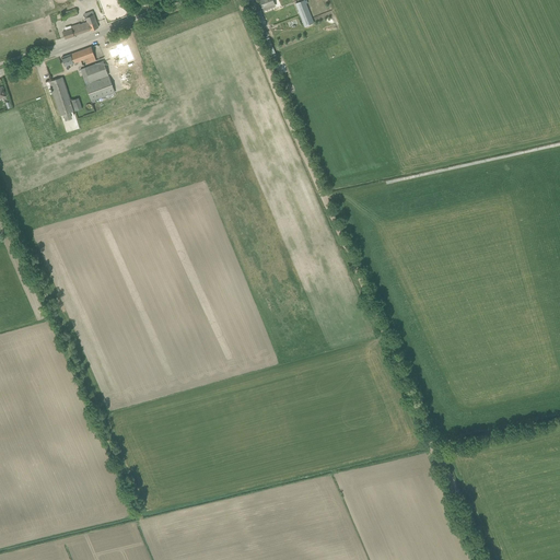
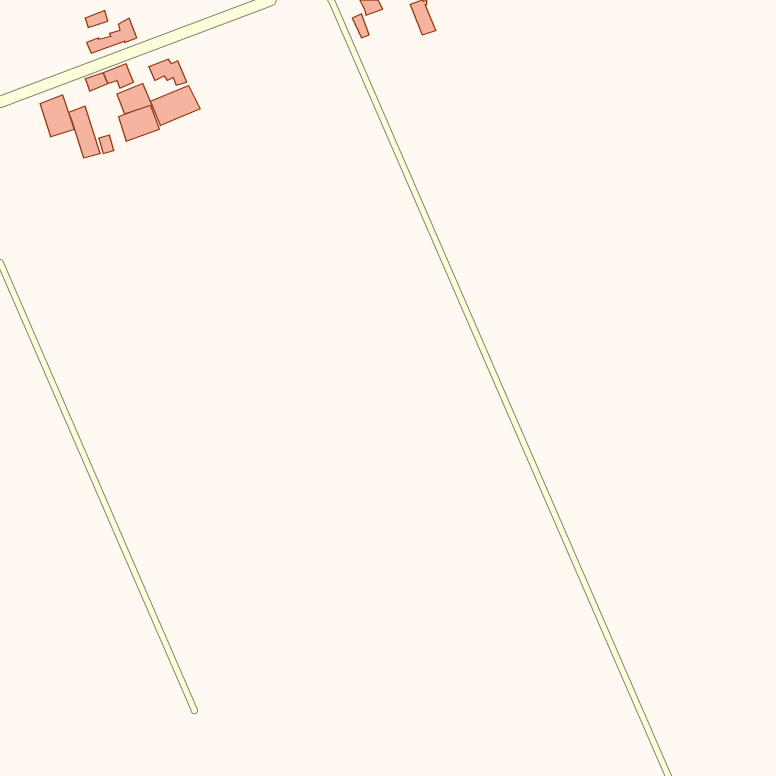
building: none -> [150,86,200,126]
building: none -> [40,95,74,137]

